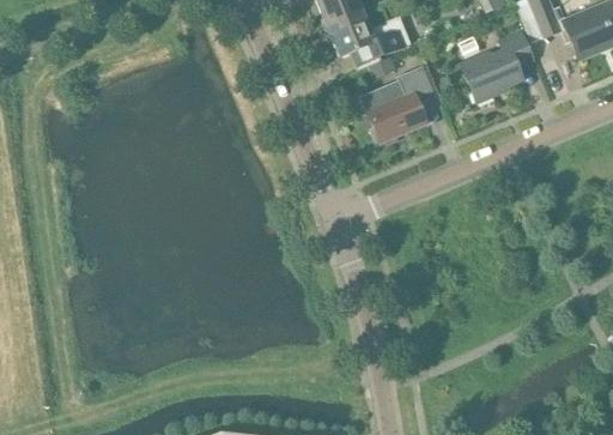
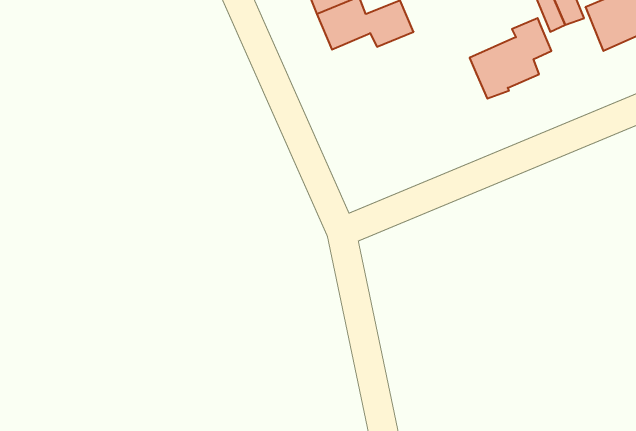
building: [366,65,433,141] -> none

